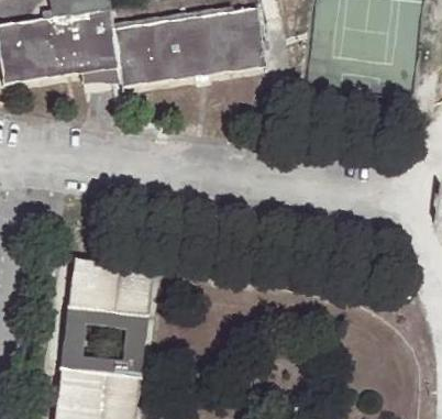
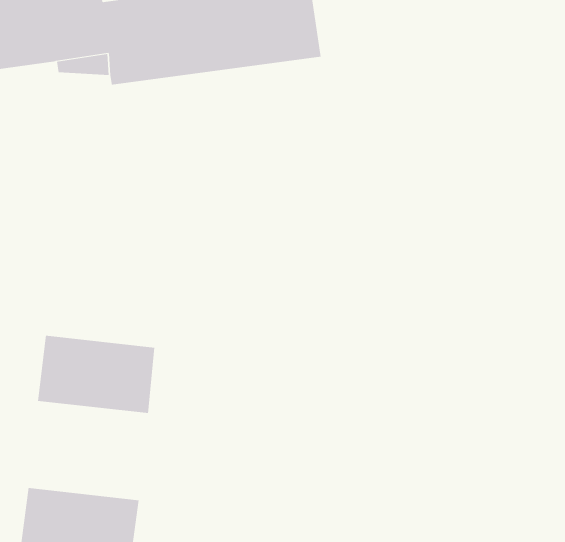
building: [59,307,150,376] -> none

